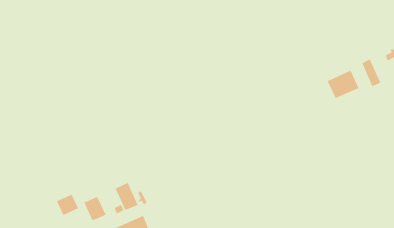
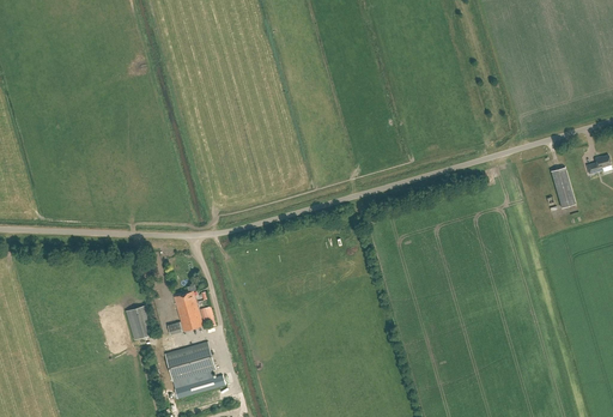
building: [327,70,359,99] -> none
building: [56,194,79,216] -> none

